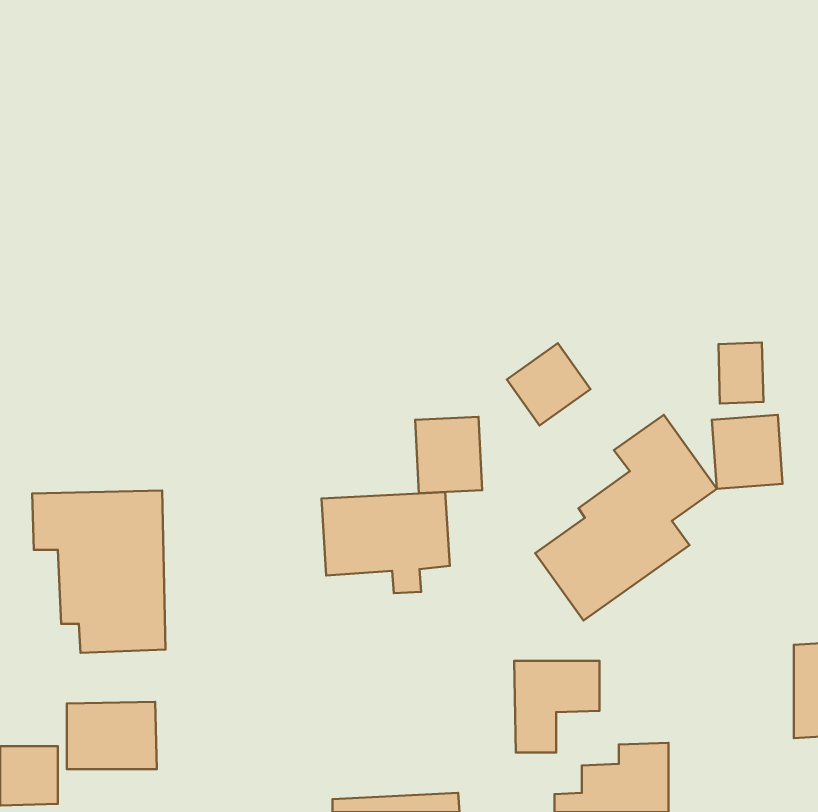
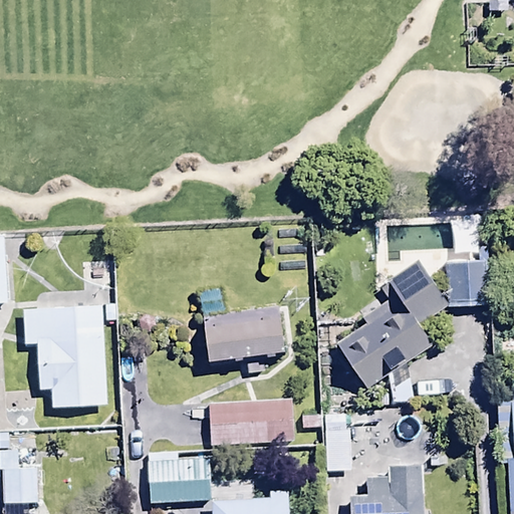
building: [507,343,591,426] -> none
building: [415,417,482,493] -> none
building: none -> [209,399,294,447]
building: [67,702,157,769] -> [149,458,205,500]

